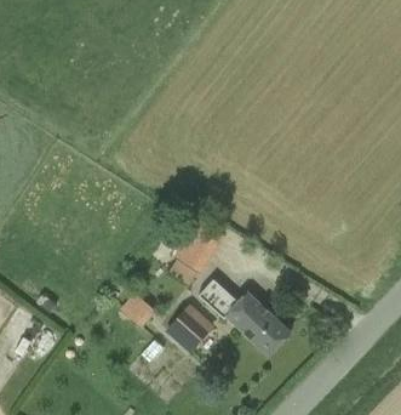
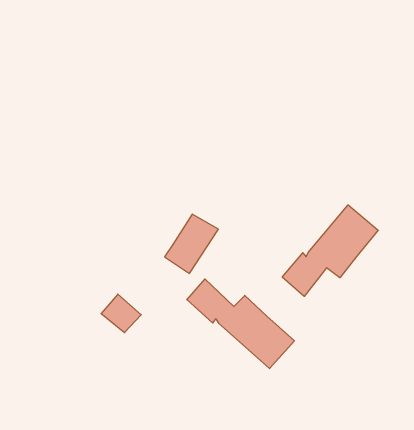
building: none -> [282,205,378,296]
building: [168,308,210,351] -> none

